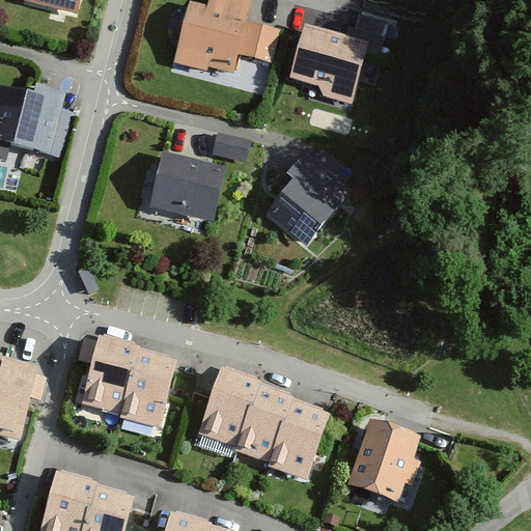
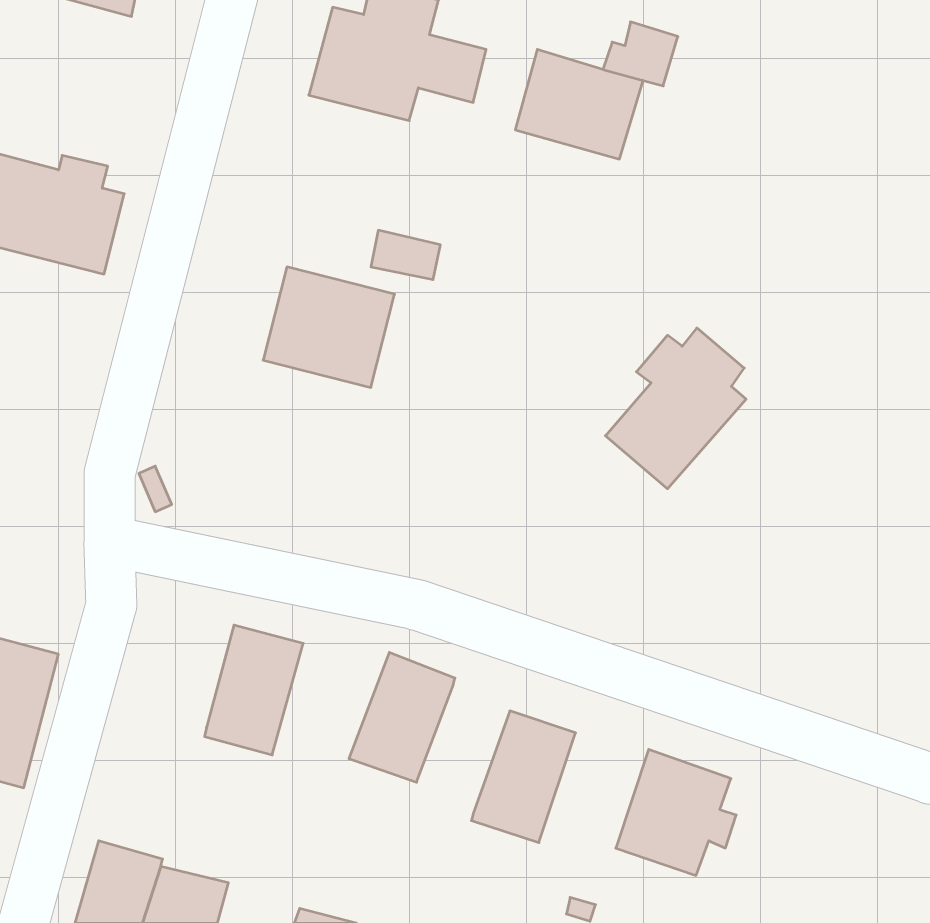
building: [269,149,348,241] -> [605,328,746,489]
building: [77,340,134,413] -> none
building: [234,389,290,462] -> none

